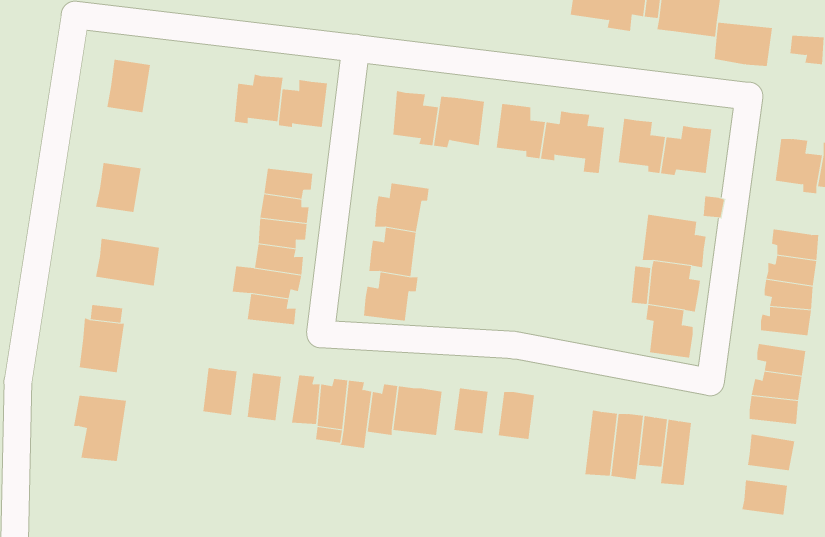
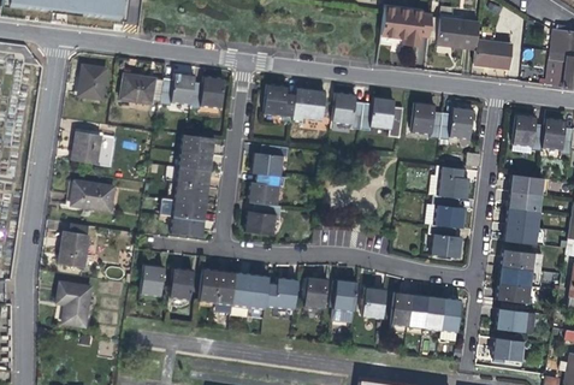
building: none -> [120,76,164,105]
building: none -> [362,288,385,319]

